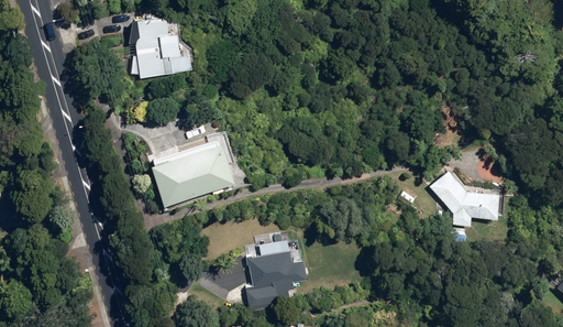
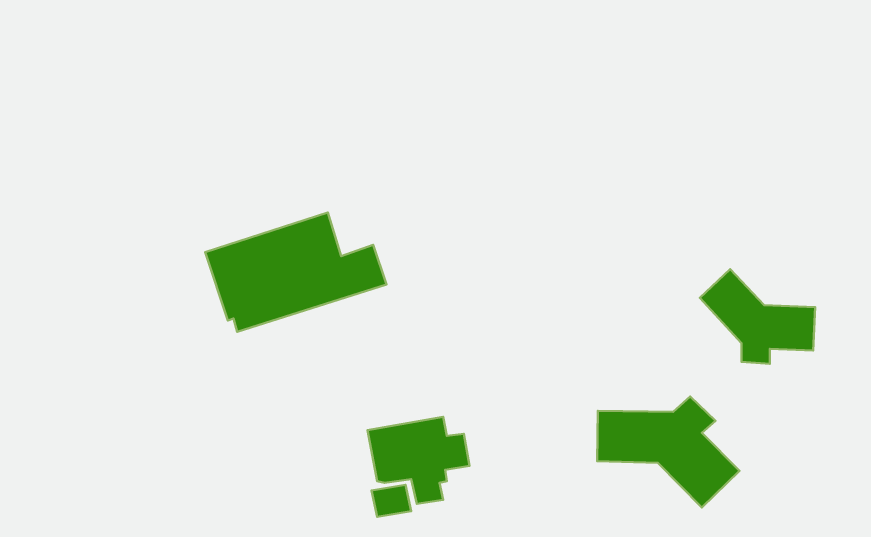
building: [131,18,194,83] -> none
building: none -> [597,397,739,508]

